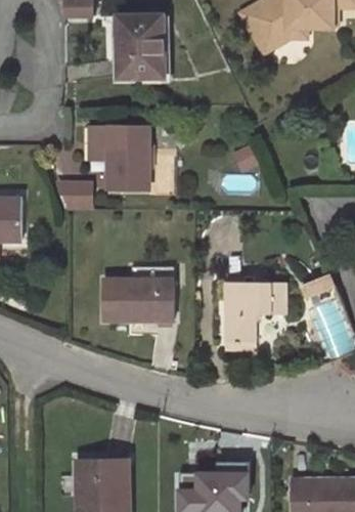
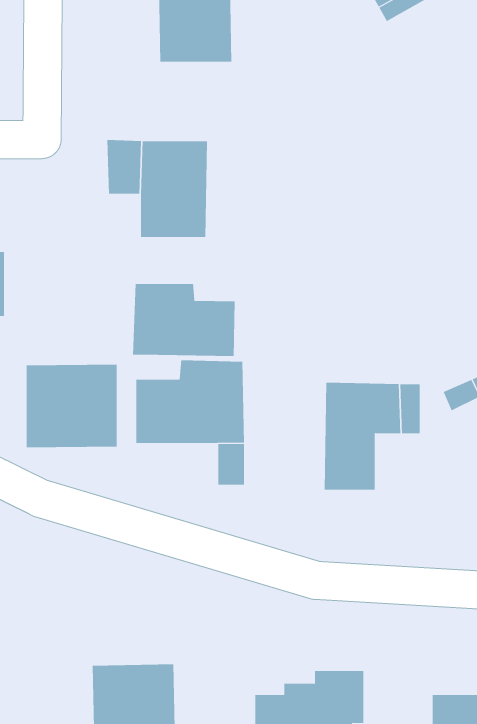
building: [62,180,97,211] -> none
building: none -> [133,283,235,357]
building: none -> [26,364,117,448]

